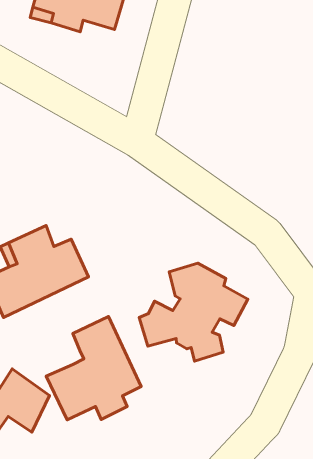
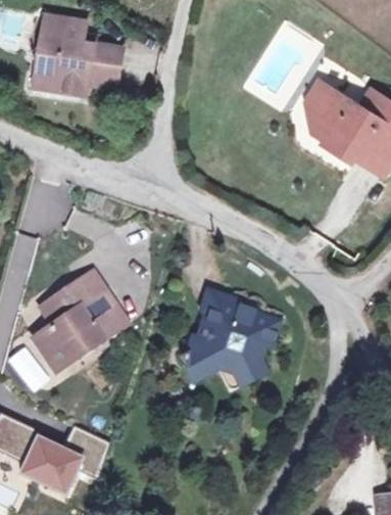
building: [46,317,141,420] -> none

